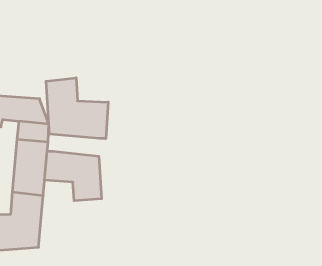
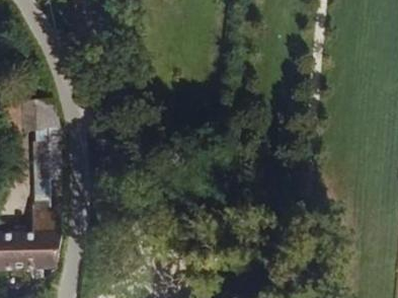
building: [46,78,108,139] -> none
building: [45,151,102,201] -> none

